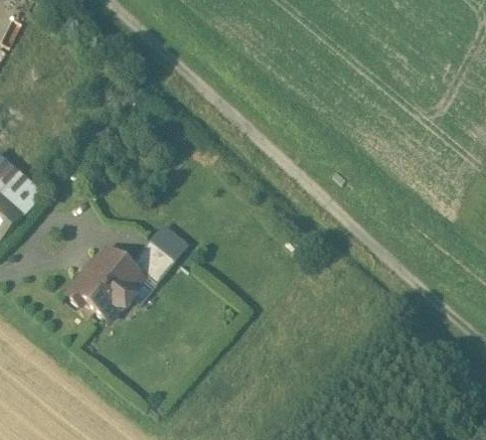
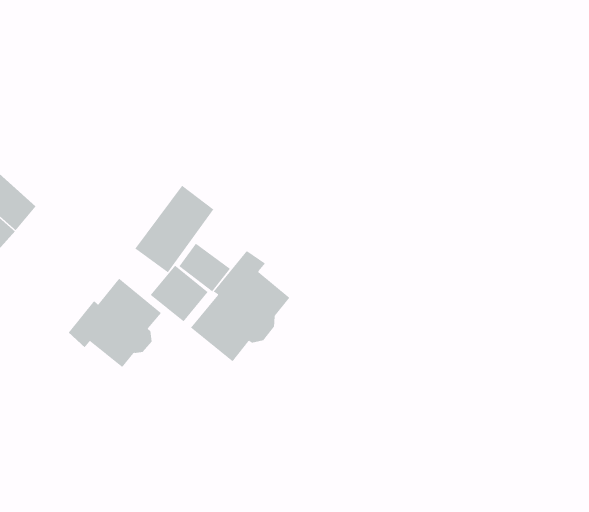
building: none -> [135,185,214,273]
building: none -> [190,250,290,362]

